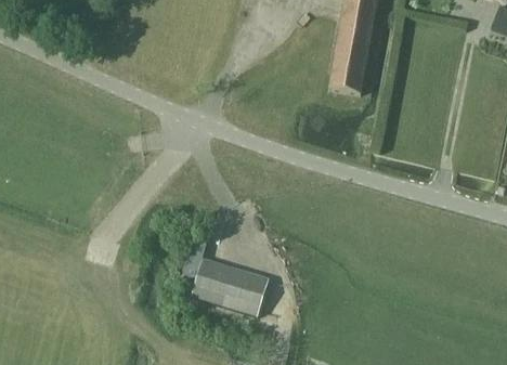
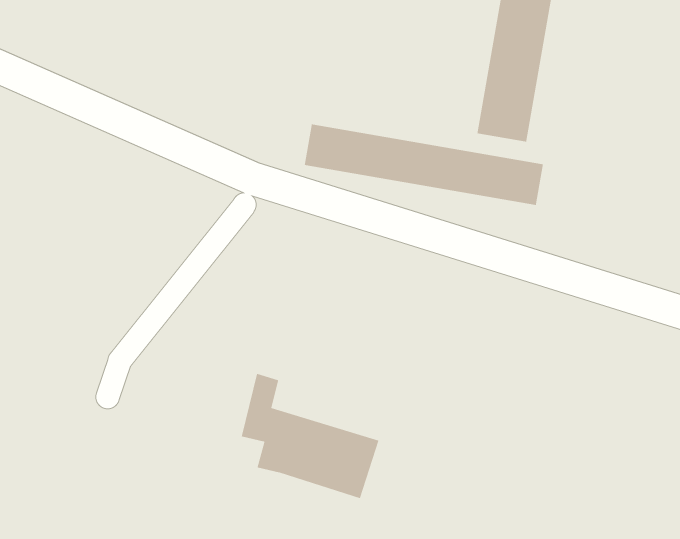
building: none -> [304,123,544,206]

